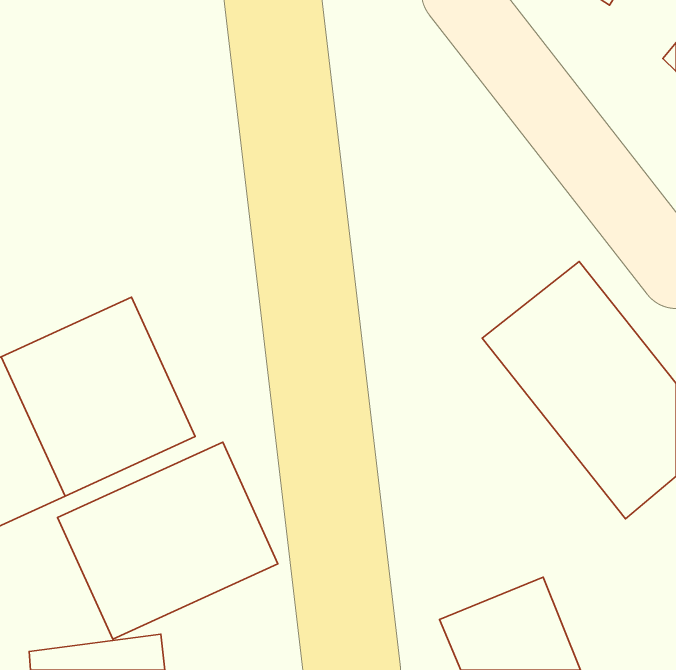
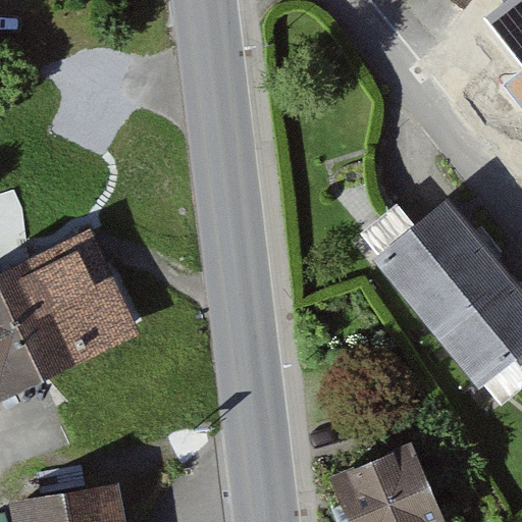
building: [58,442,278,639] -> none

